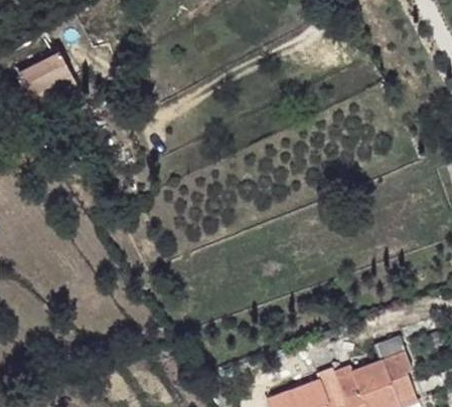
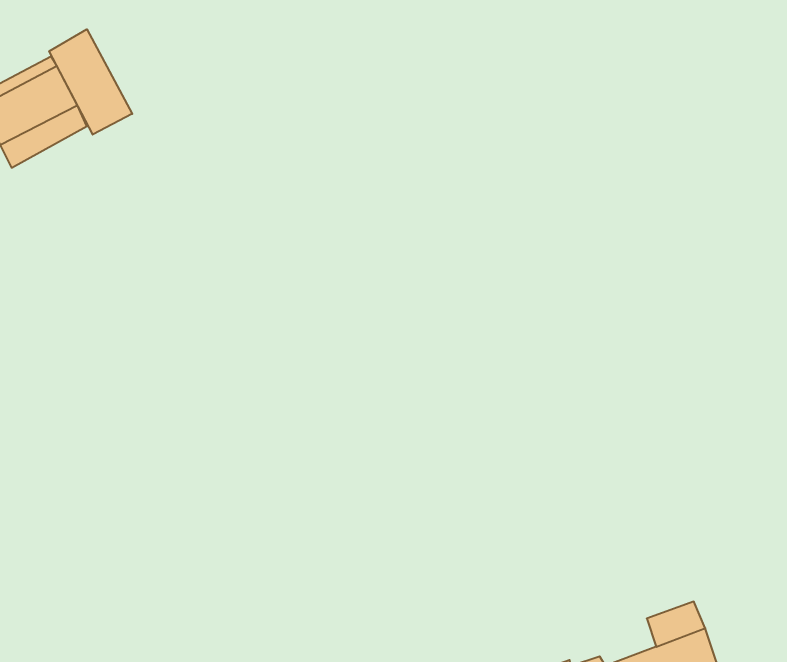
building: none -> [49,29,132,135]

